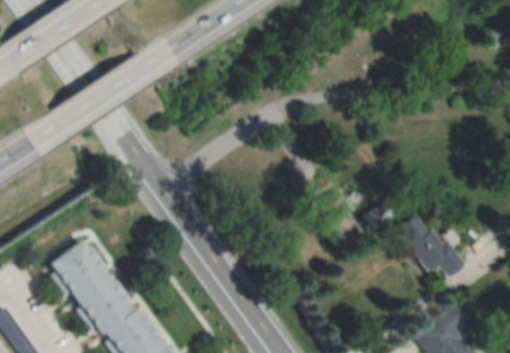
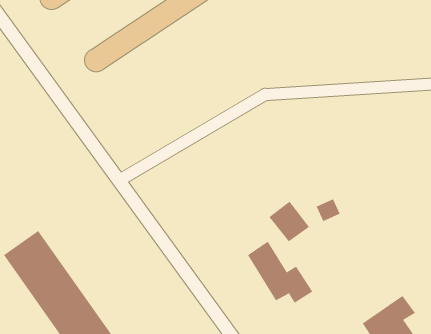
building: [402,214,469,277] -> [247,241,313,303]

